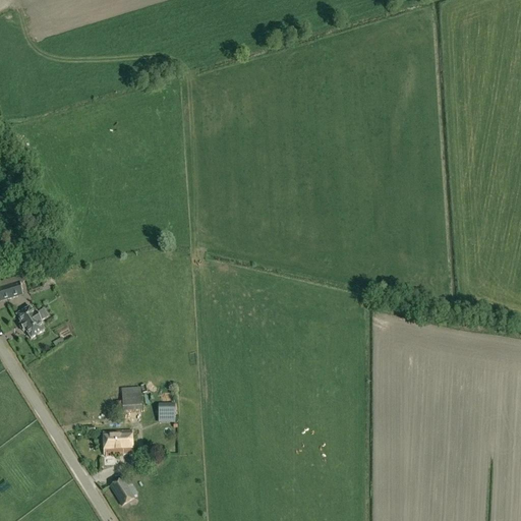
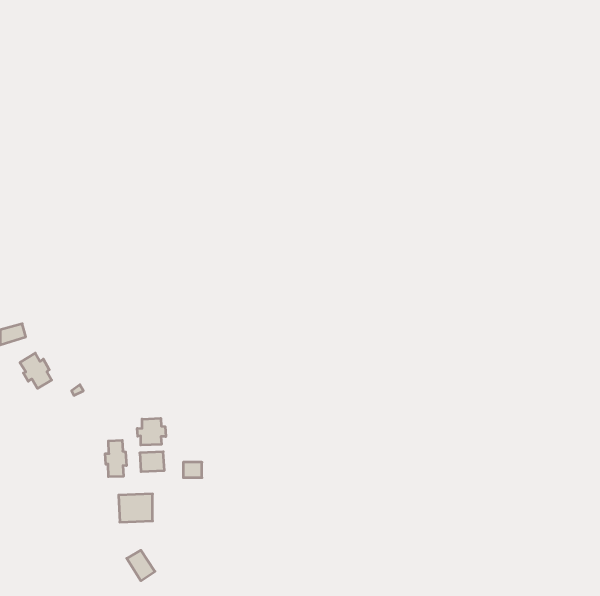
building: none -> [137,418,166,445]
building: none -> [105,440,126,477]

